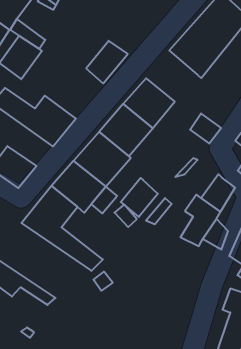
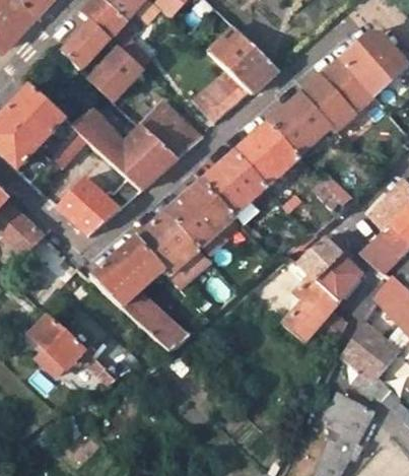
building: none -> [210,27,278,90]
building: none -> [268,91,332,155]
building: none -> [140,101,201,159]
building: none -> [298,233,343,279]
building: [121,178,158,217] -> none

